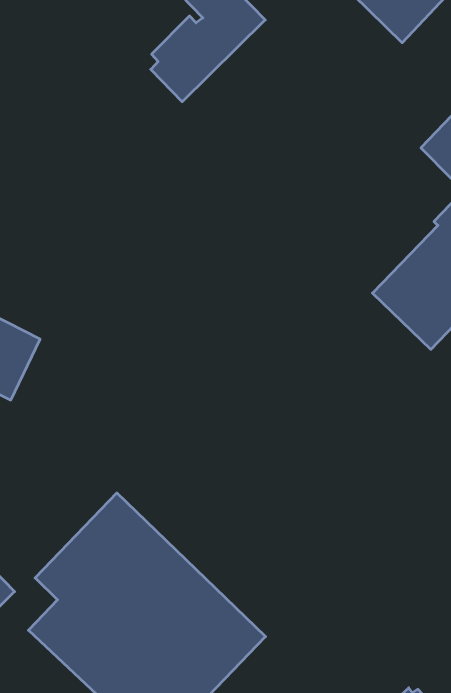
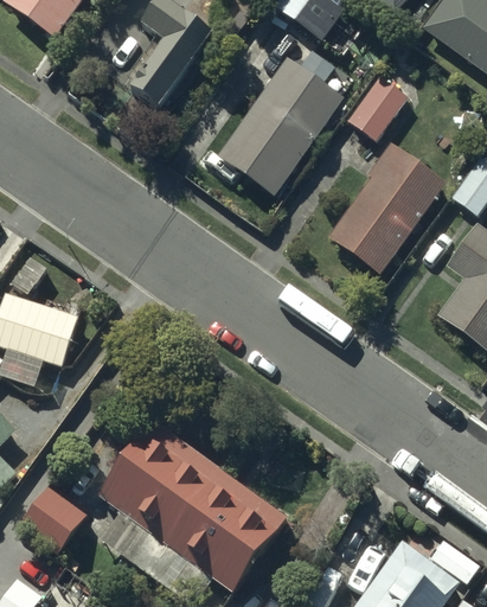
building: none -> [219,58,344,193]

